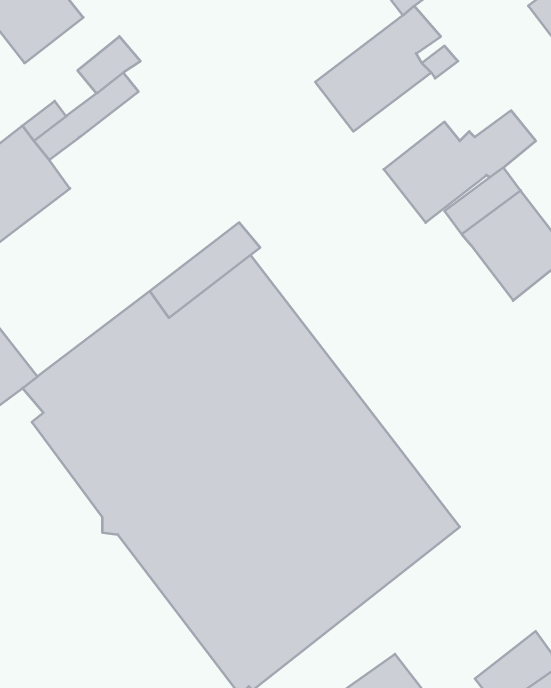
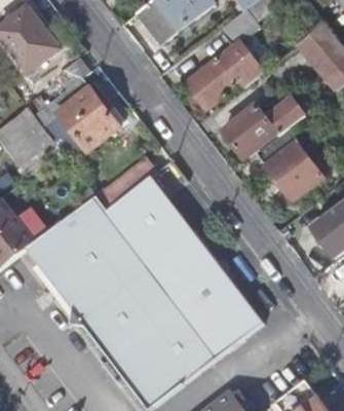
building: none -> [58,87,119,151]

